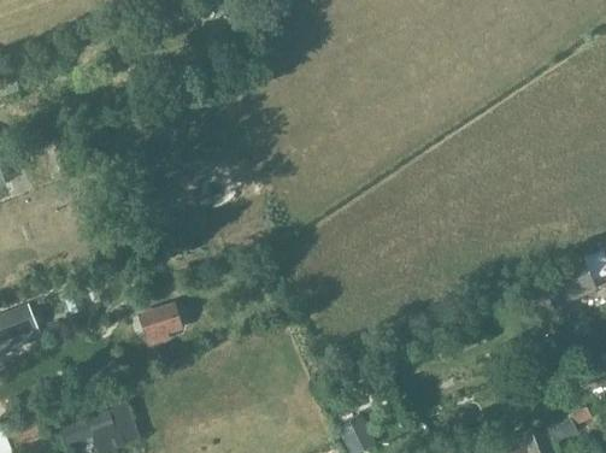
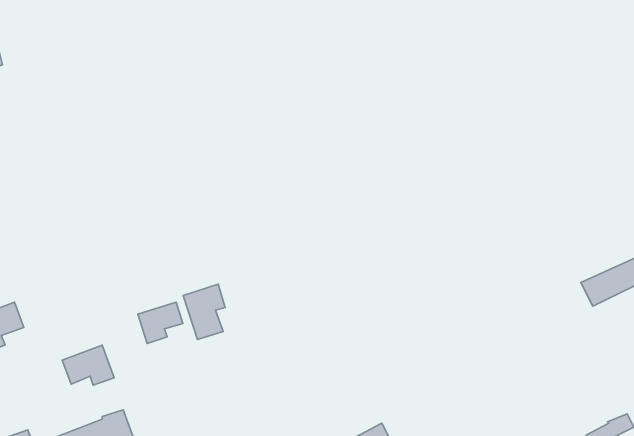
building: none -> [183,284,225,340]
building: none -> [62,345,114,385]

